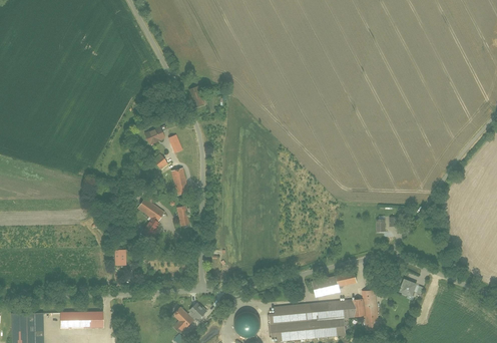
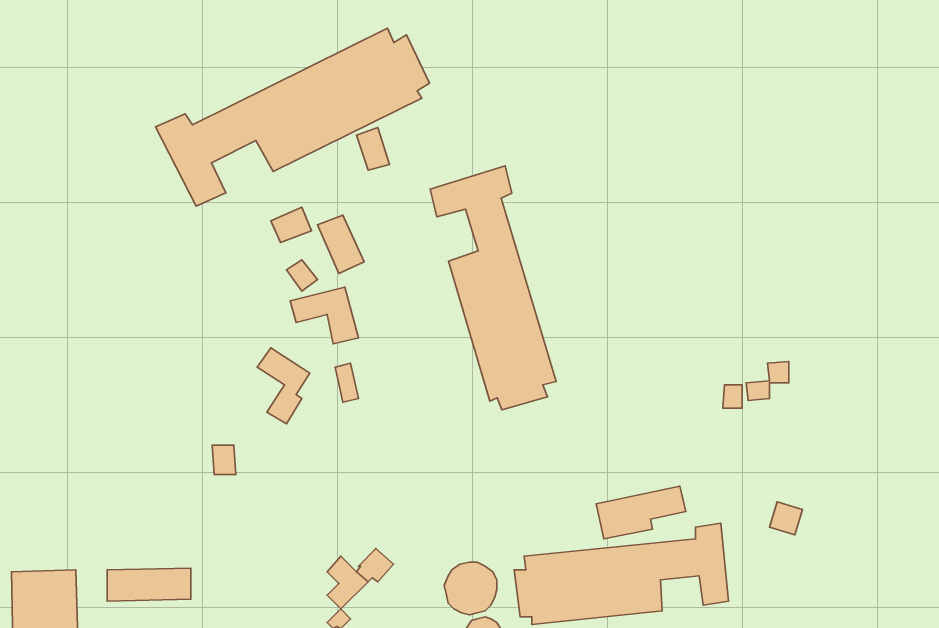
building: none -> [156,28,430,206]
building: none -> [430,166,556,410]

